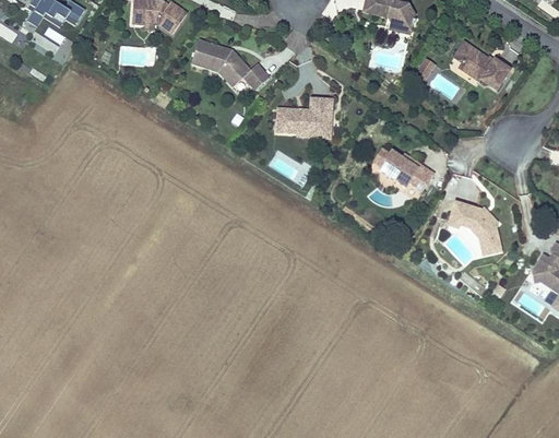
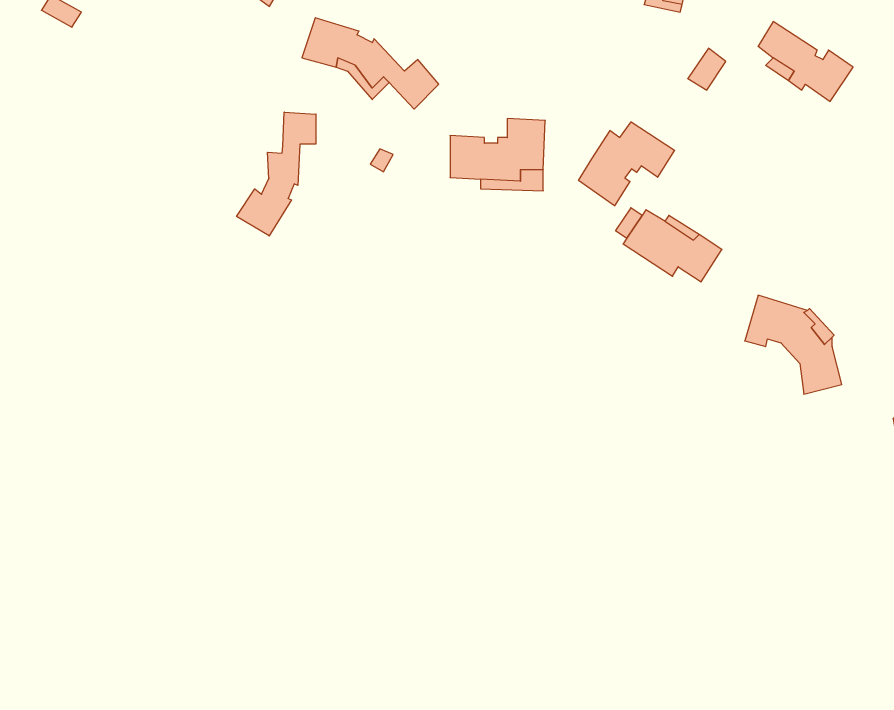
building: none -> [237,112,316,236]
building: none -> [579,122,675,206]

